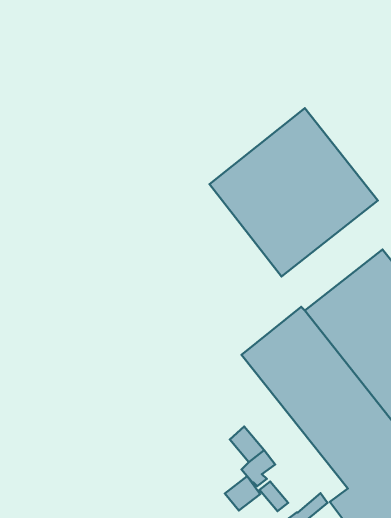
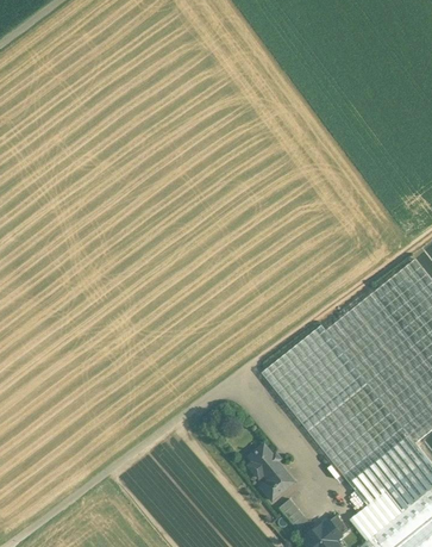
building: [210,108,378,276] -> none
building: [225,476,260,510] -> none

